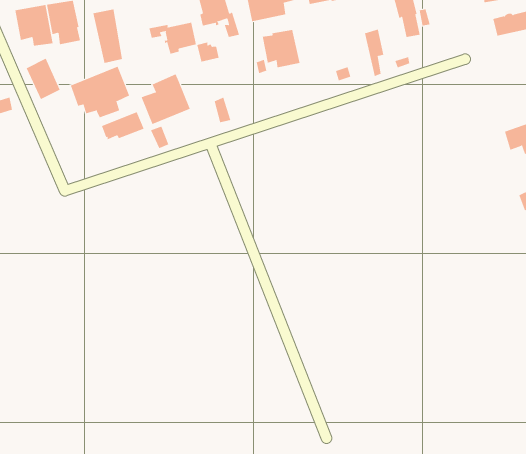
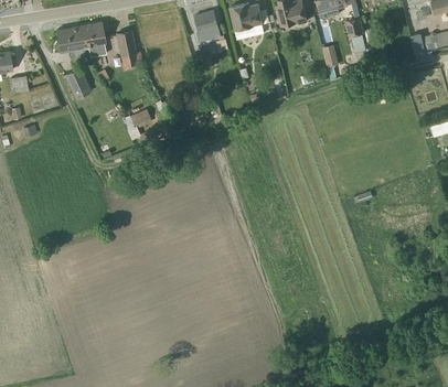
building: [149,22,196,55] -> none
building: [262,29,300,68] -> none
building: [70,66,130,118] -> none
building: [141,73,190,125] -> none

